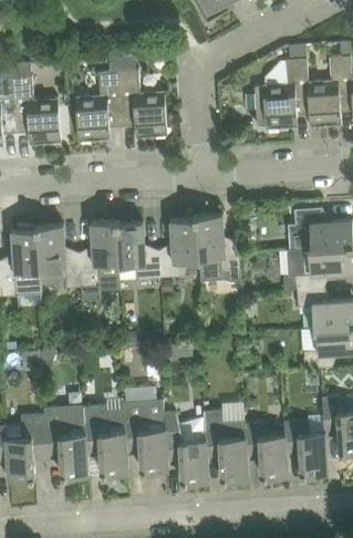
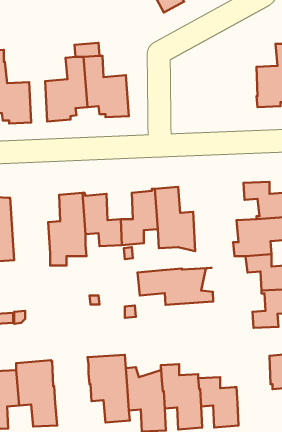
building: [252,44,308,130] -> none
building: [35,224,80,288] -> none
building: none -> [138,268,213,305]
building: [82,404,127,475] -> none
building: [282,420,326,475] -> none

